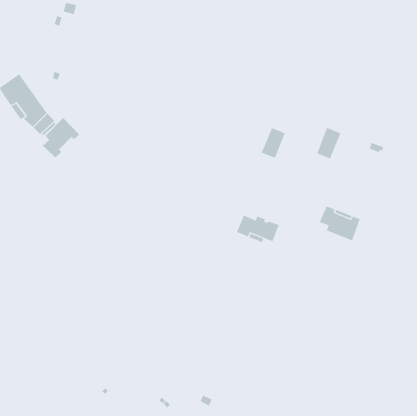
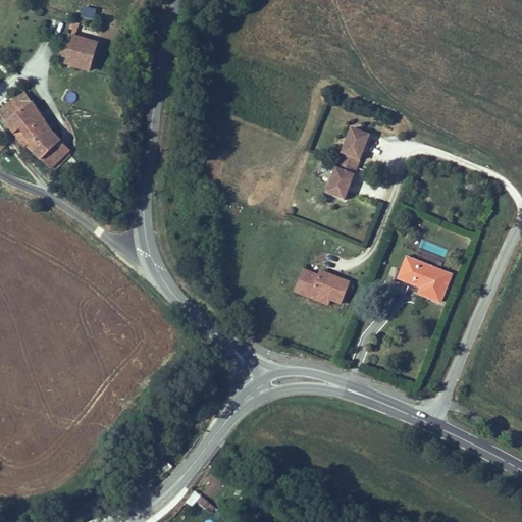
building: none -> [60,34,96,69]
building: [42,117,80,158] -> none
building: [317,127,341,159] -> [338,126,369,166]

